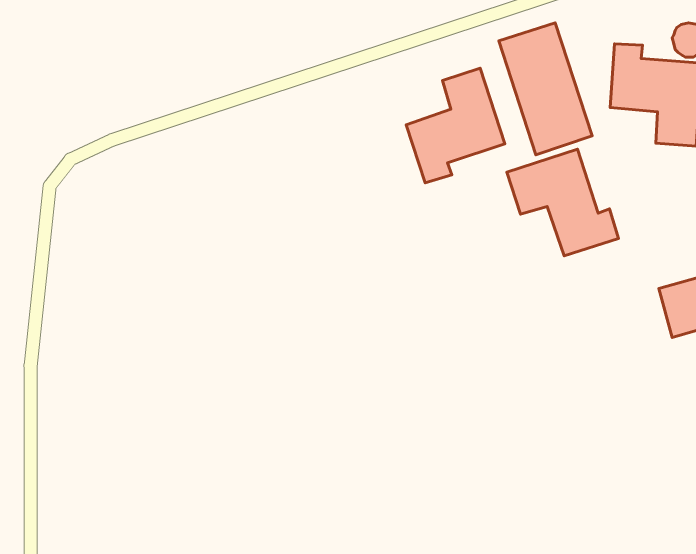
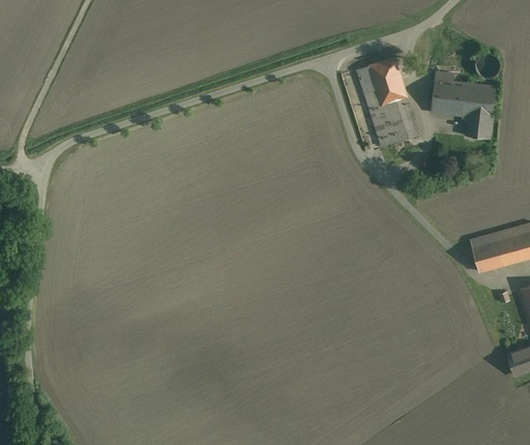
building: [406,68,505,183] -> none
building: [507,149,619,256] -> none

